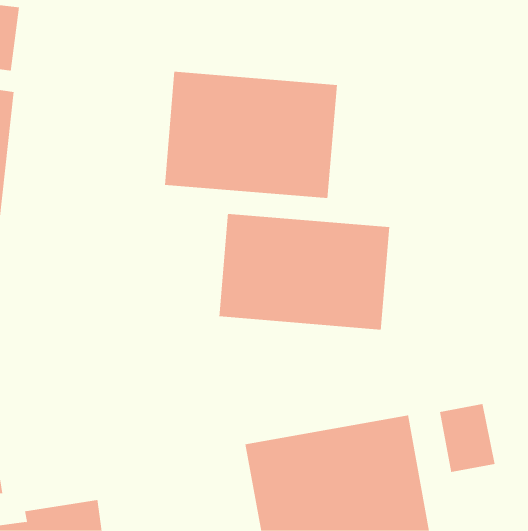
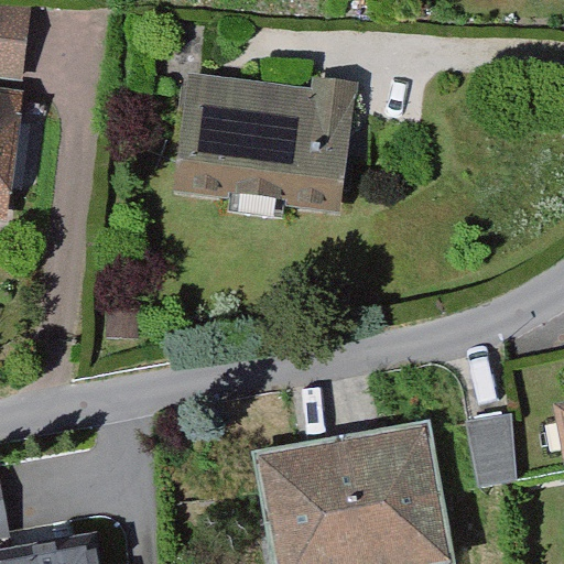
building: [219,213,390,330] -> none

